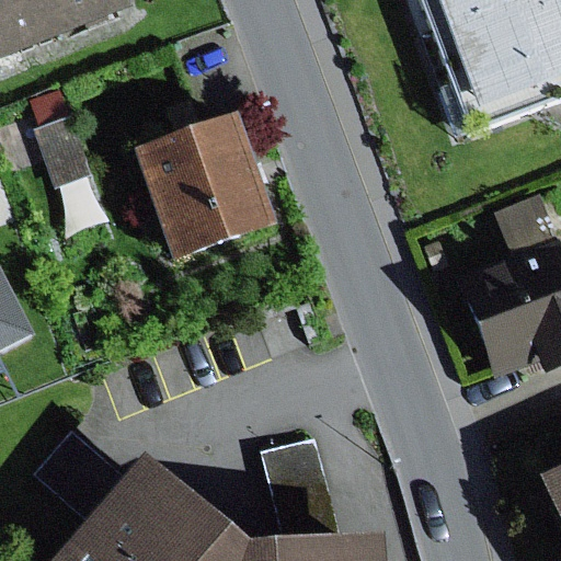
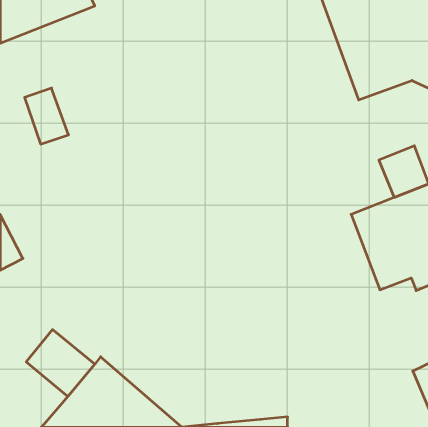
building: [135,117,273,262] -> none
building: [264,435,343,548] -> none

